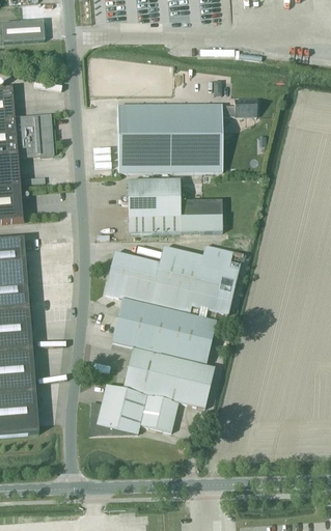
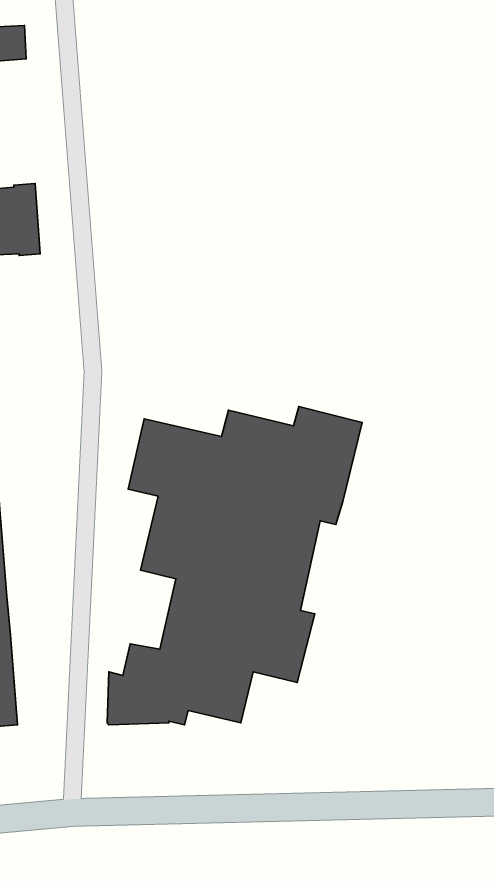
building: [118,97,257,170] -> none
building: [120,178,222,232] -> none

